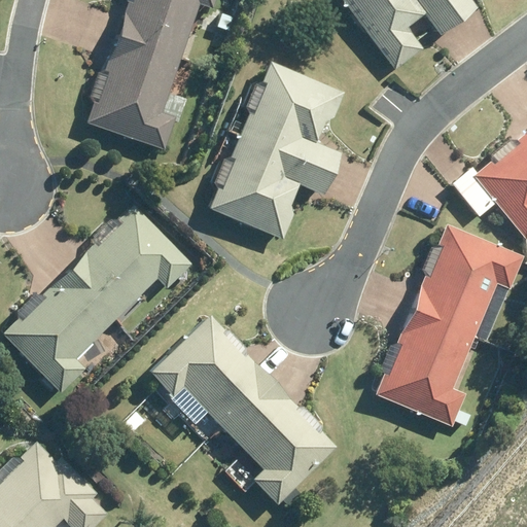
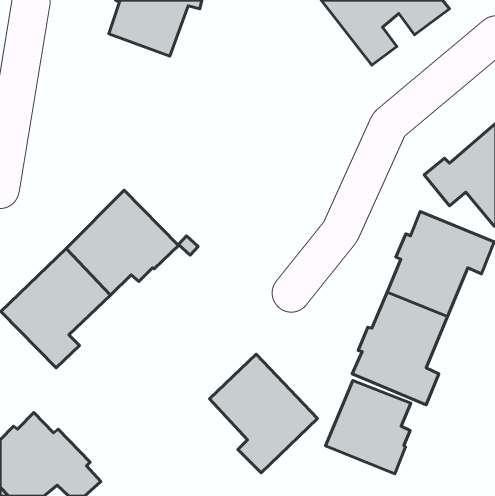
building: [85,36,185,150] -> none
building: [209,64,344,245] -> none
building: [147,310,273,423] -> none
building: none -> [326,380,411,474]

